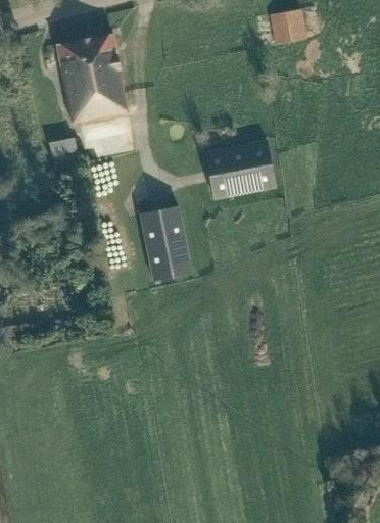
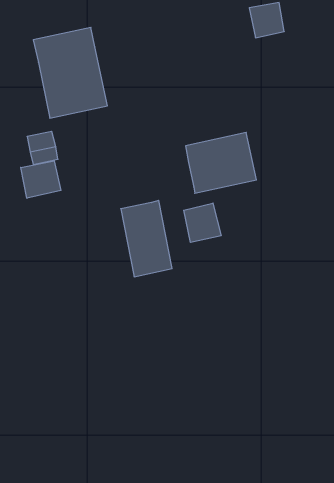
building: none -> [21,161,61,198]
building: none -> [184,203,221,242]

